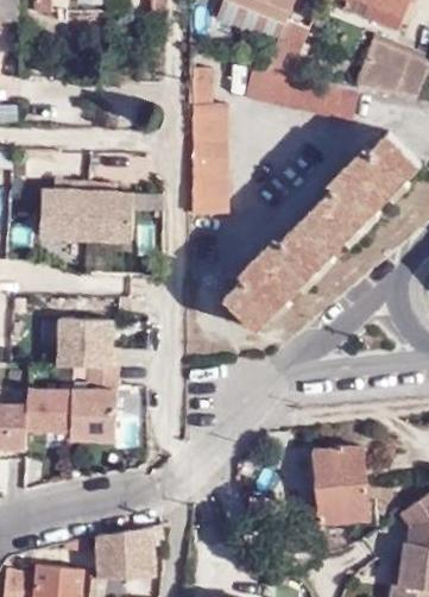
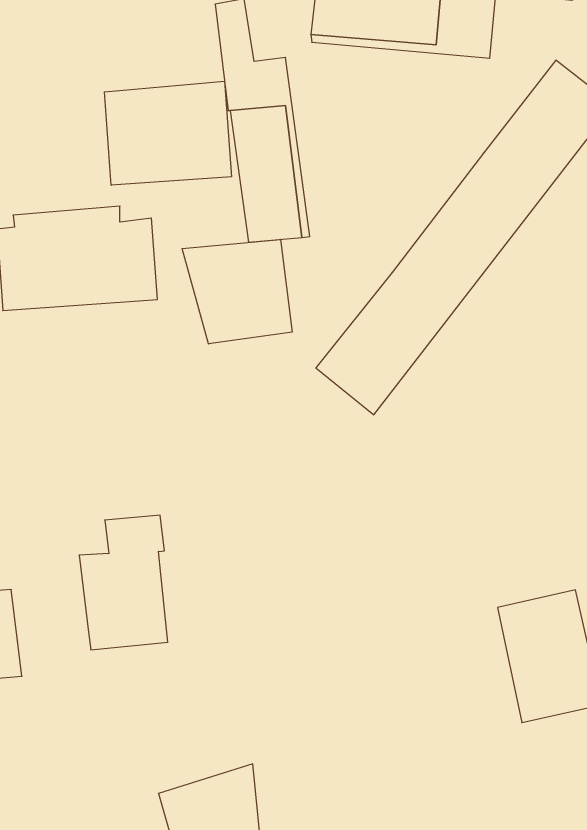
building: none -> [104,81,232,185]
building: none -> [182,239,292,344]
building: [56,323,121,371] -> none
building: [27,389,70,435] -> none

